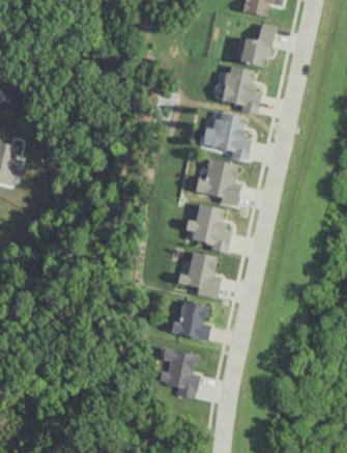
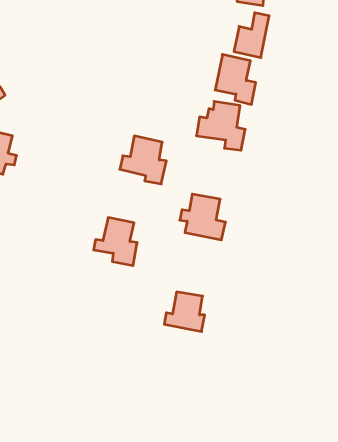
building: [195,159,241,206] -> [120,136,166,184]
building: [177,252,221,300] -> [94,218,137,266]
building: [157,348,199,399] -> none

